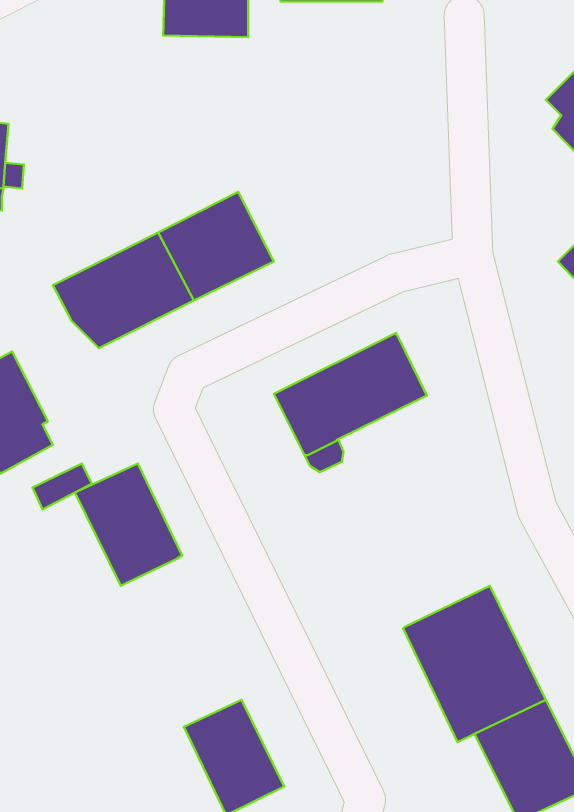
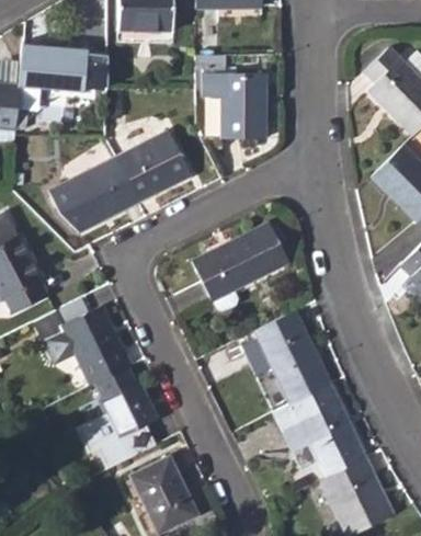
building: none -> [20,43,109,91]
building: none -> [202,66,264,139]
building: none -> [238,312,330,411]
building: none -> [82,367,160,467]

